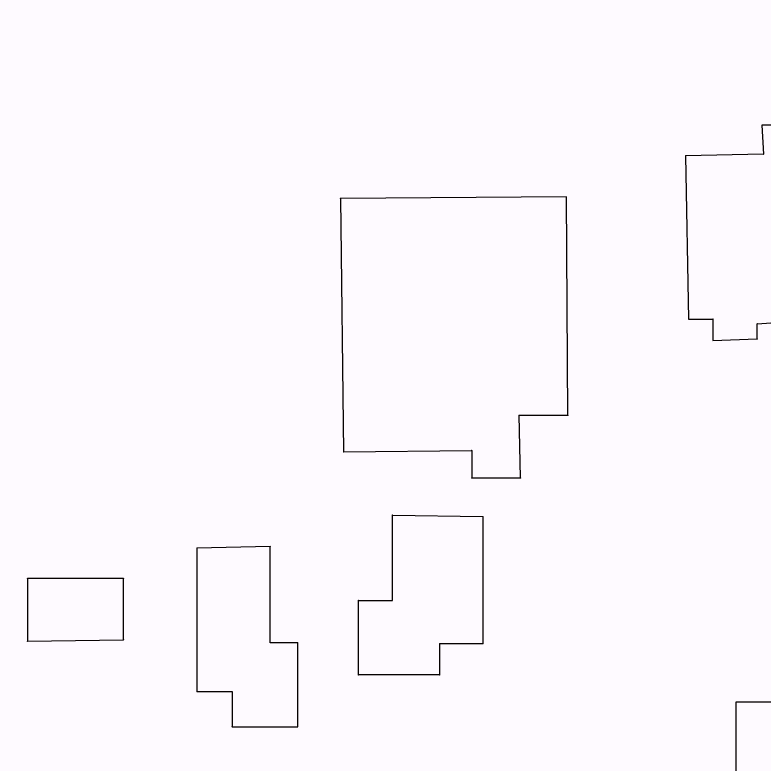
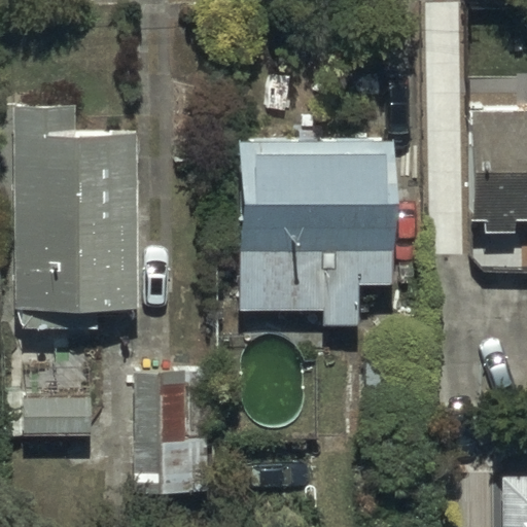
building: none -> [17,110,136,305]
building: [358,515,483,675] -> none

